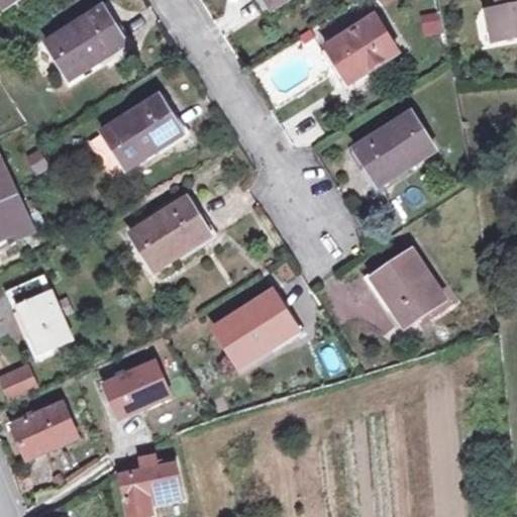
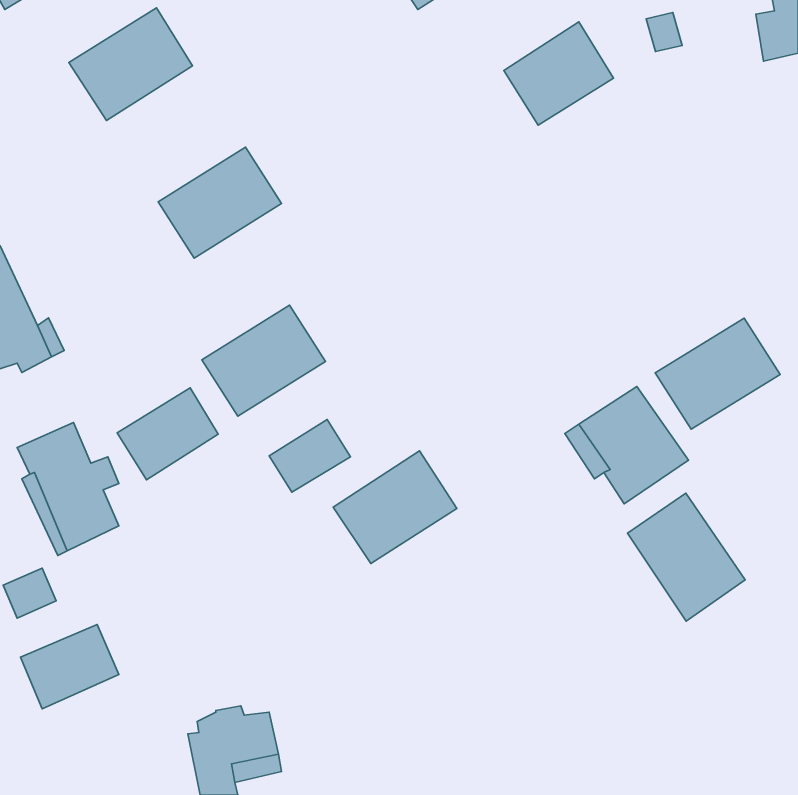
building: [353,111,434,183] -> [655,318,780,429]
building: none -> [117,388,218,480]
building: none -> [269,420,351,492]
building: none -> [627,493,745,621]
building: [102,360,170,416] -> none

